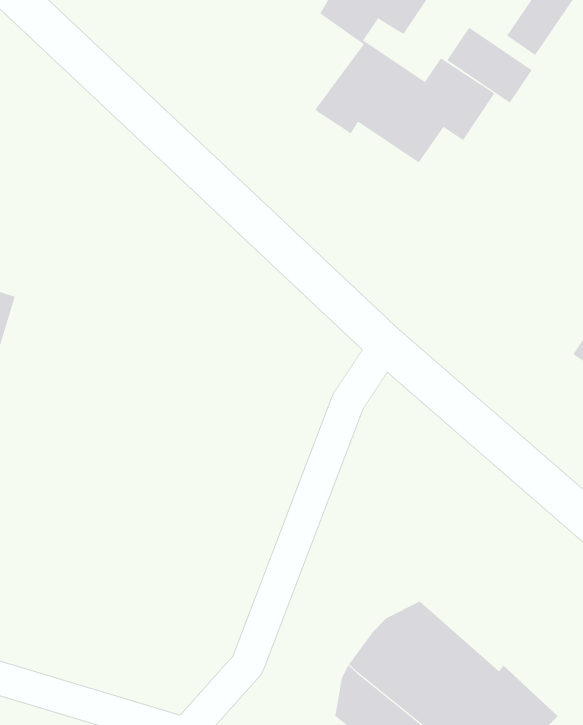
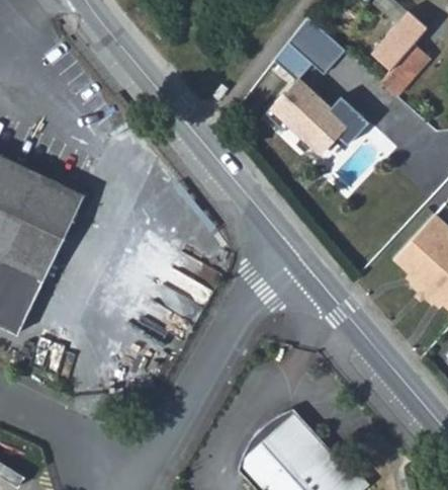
building: [447,27,533,104] -> none

